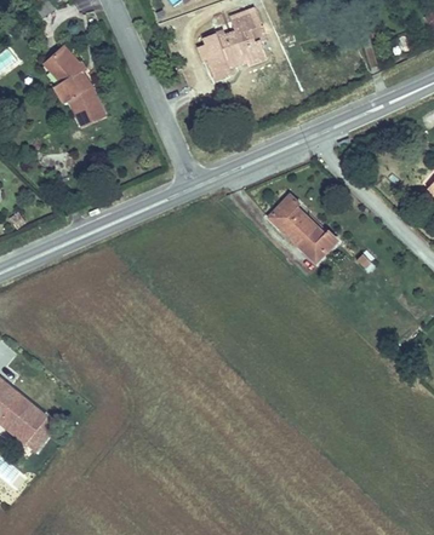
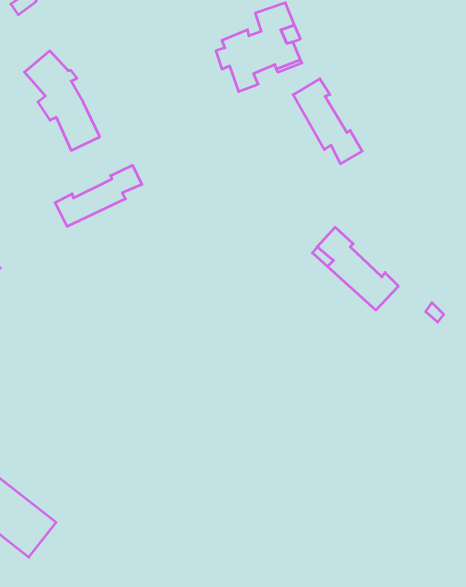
building: none -> [293,79,362,164]
building: none -> [55,165,142,226]

